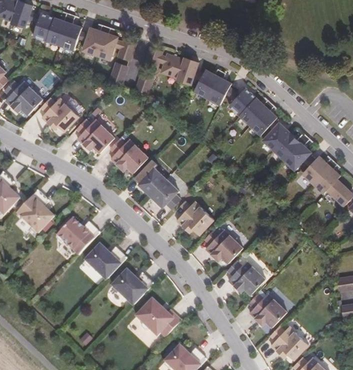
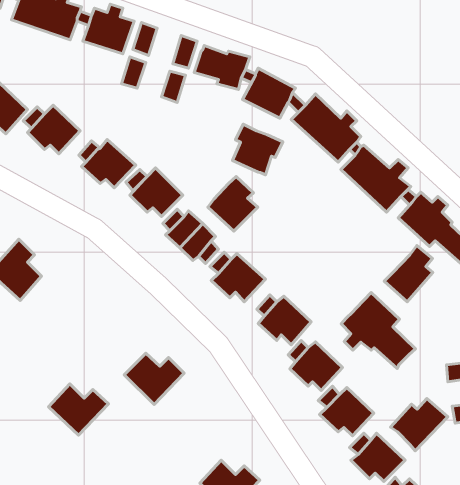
building: none -> [232,124,283,175]
building: none -> [208,177,258,231]
building: none -> [384,245,433,302]
building: [56,218,99,255] -> none
building: none -> [341,292,415,368]
building: [84,244,126,280] -> [49,384,108,435]
building: [136,297,181,336] -> none
building: none -> [391,398,448,451]

